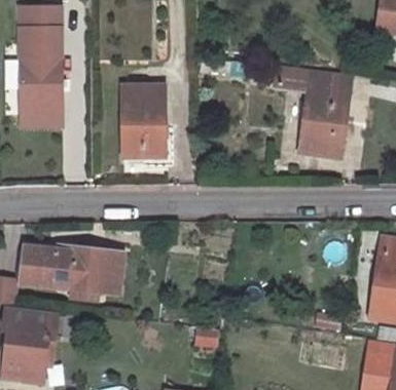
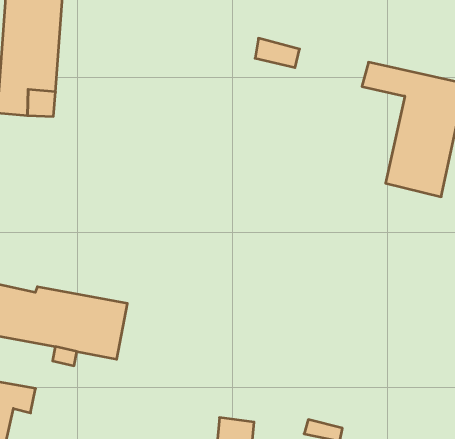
building: [123,85,164,156] -> none

